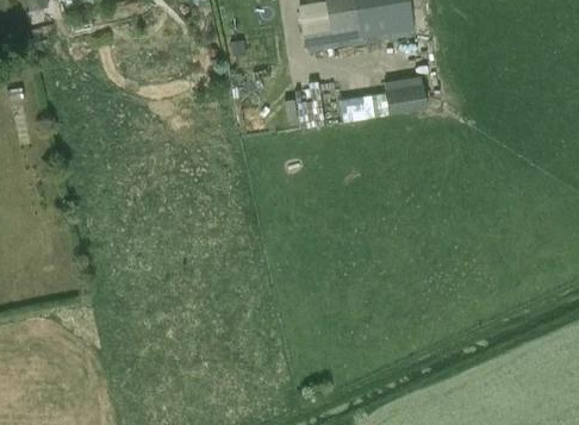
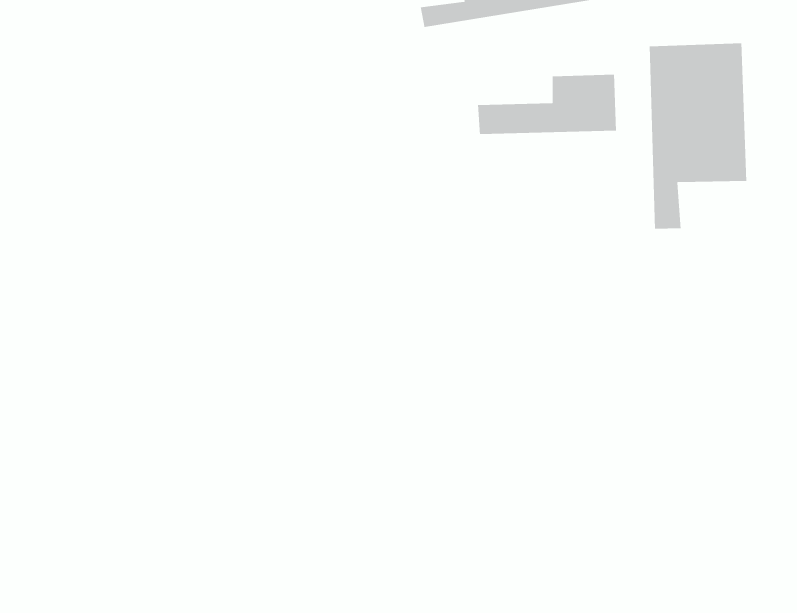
building: none -> [649,42,747,229]

